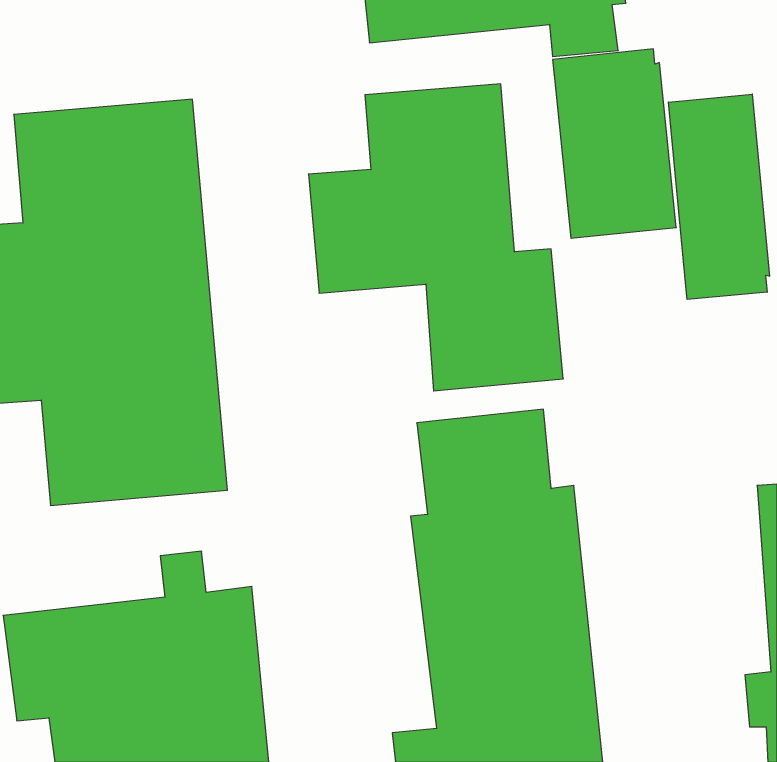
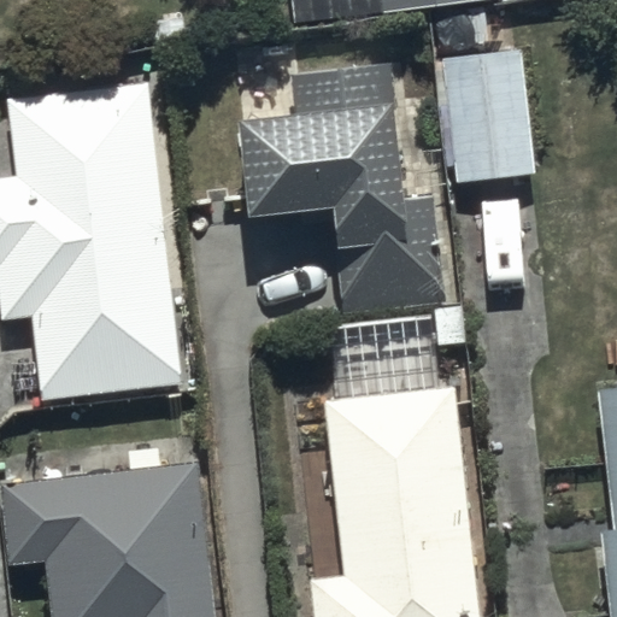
building: [669,94,769,299] -> none

